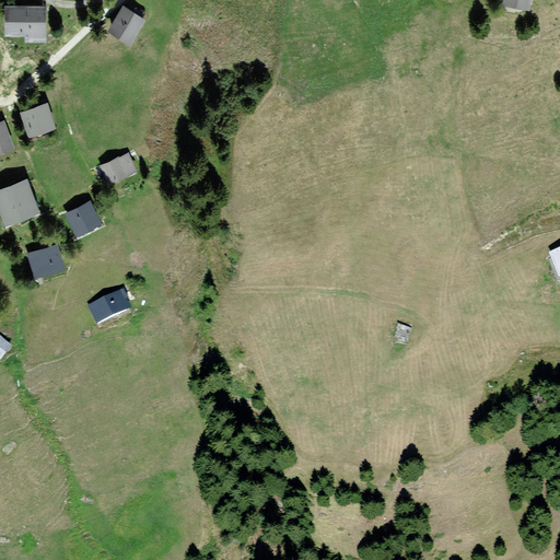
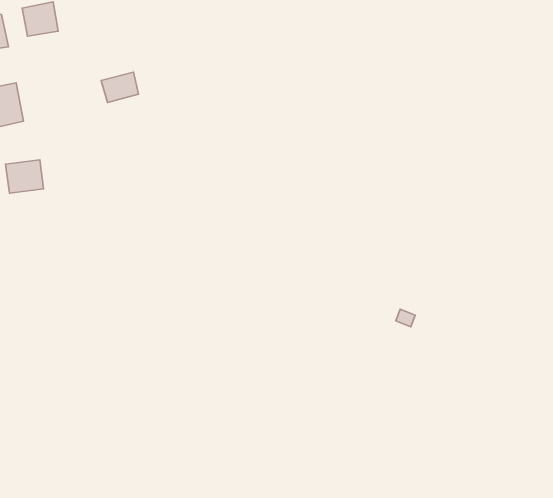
building: [66,201,101,235] -> none
building: [90,291,128,326] -> none

